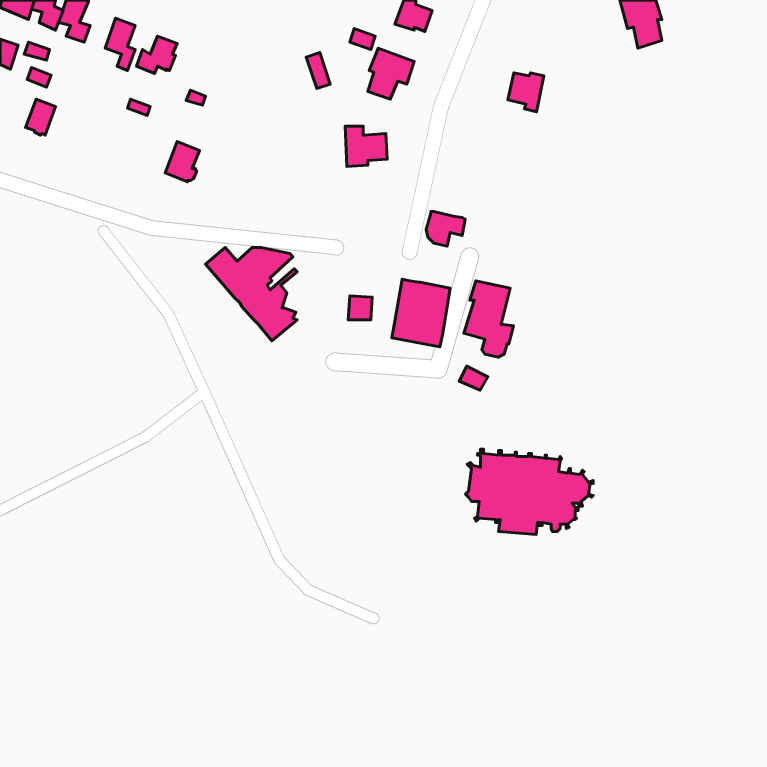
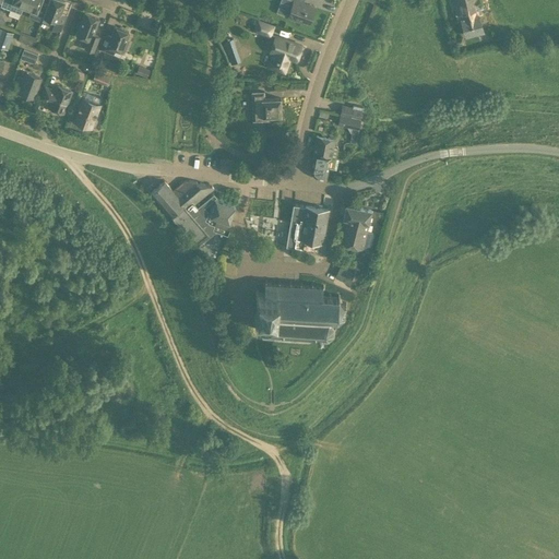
building: [508,73,544,112] -> [337,105,364,133]
building: none -> [40,85,71,112]
building: [165,141,200,182] -> [74,98,99,128]
building: none -> [312,135,338,158]
building: none -> [206,199,235,235]
building: [466,449,593,535] -> [253,280,346,342]

